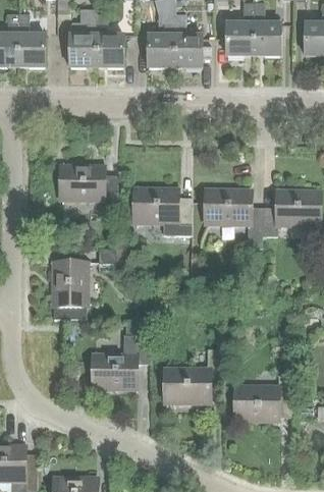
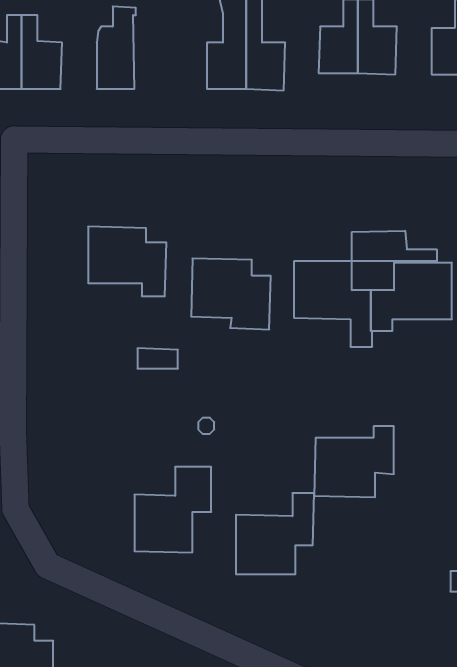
building: [95,14,122,67] -> none
building: none -> [352,231,437,261]
building: [53,261,87,319] -> none
building: [236,376,292,426] -> [314,426,394,497]

